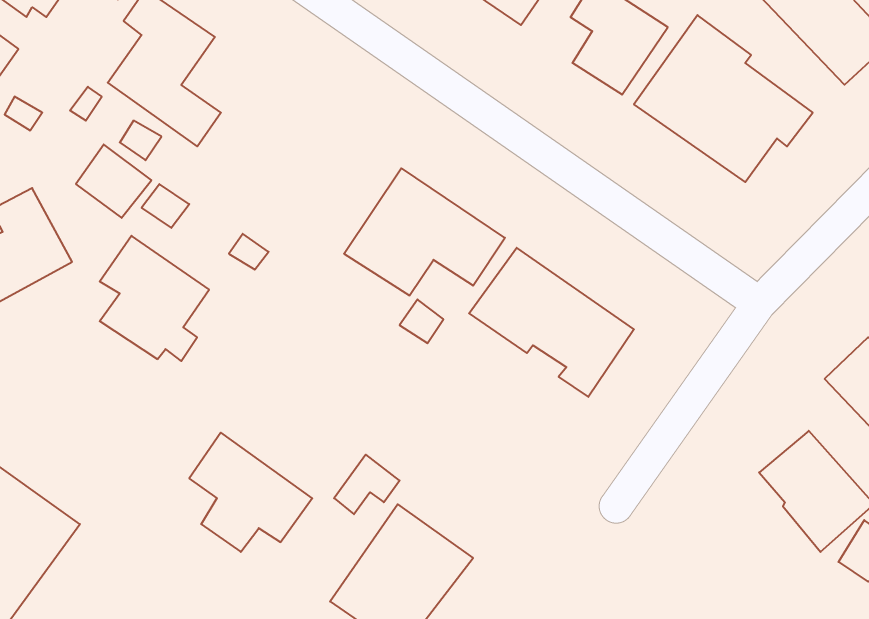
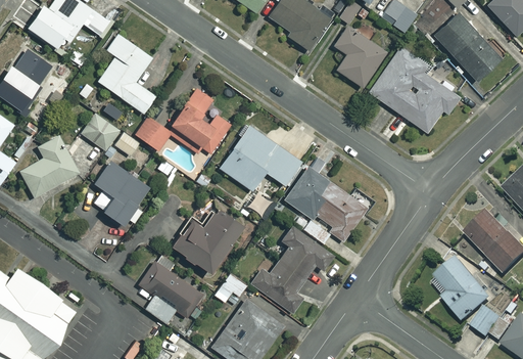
building: none -> [134,87,231,153]
building: none -> [170,206,241,271]
building: none -> [251,225,333,313]

